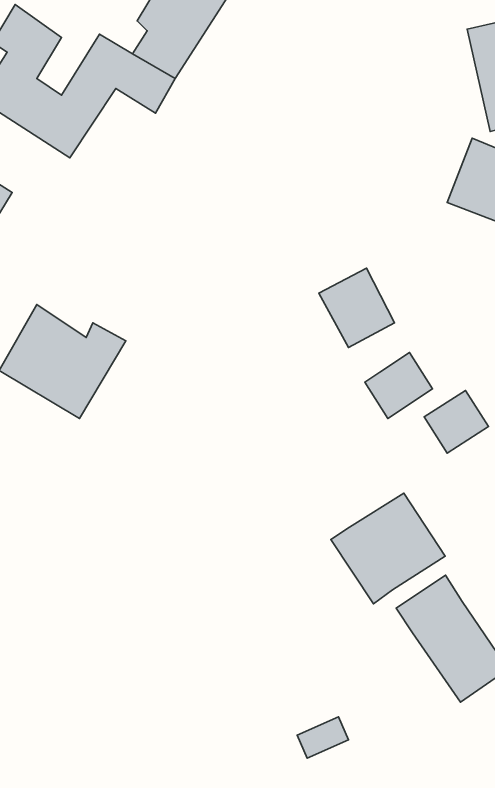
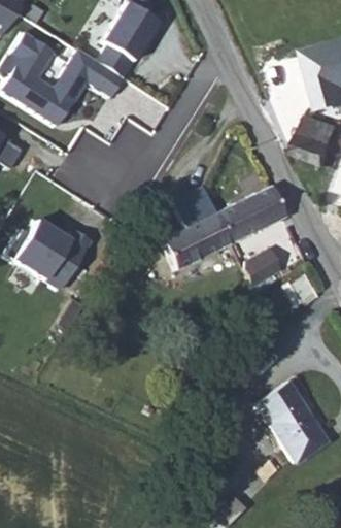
building: none -> [244,182,286,228]
building: none -> [162,185,233,271]
building: [331,493,445,604] -> none

